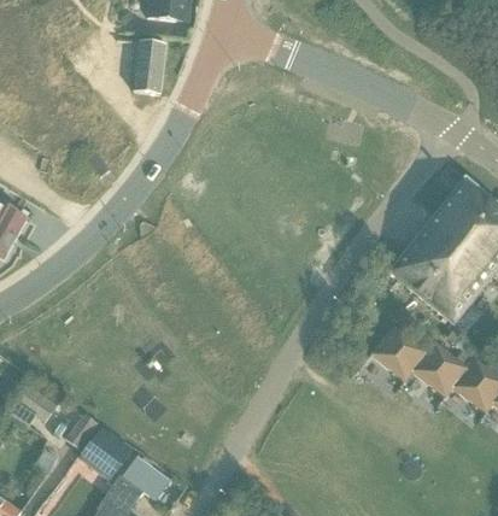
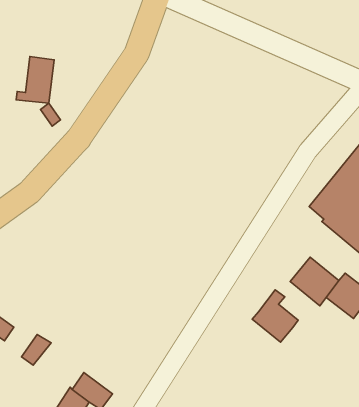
building: [122,41,165,94] -> [16,57,54,103]
building: none -> [252,290,298,342]
building: [80,429,129,477] -> none

